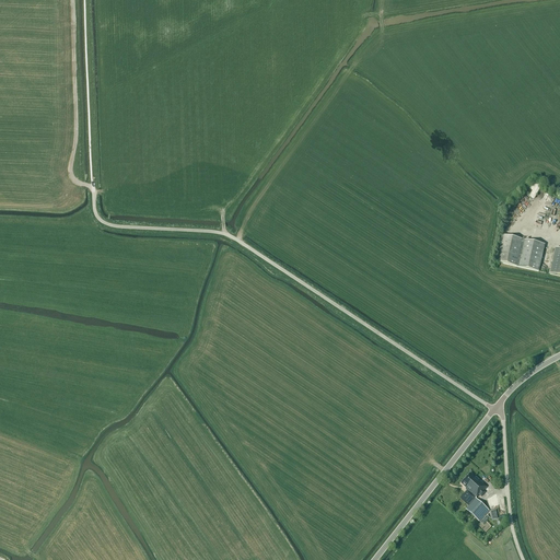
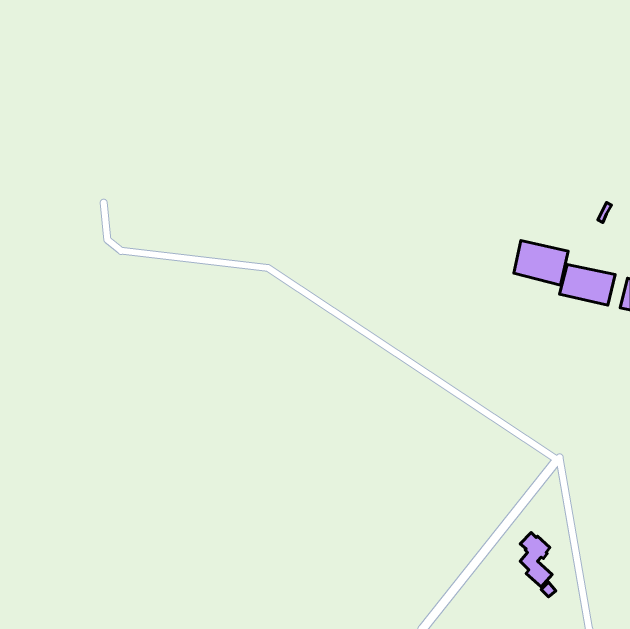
building: none -> [514,240,568,285]

